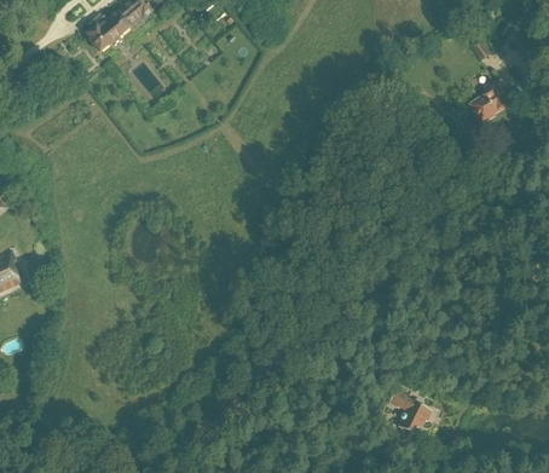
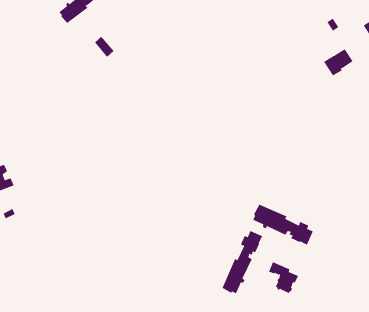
building: none -> [252,204,313,246]
building: none -> [222,230,263,294]

